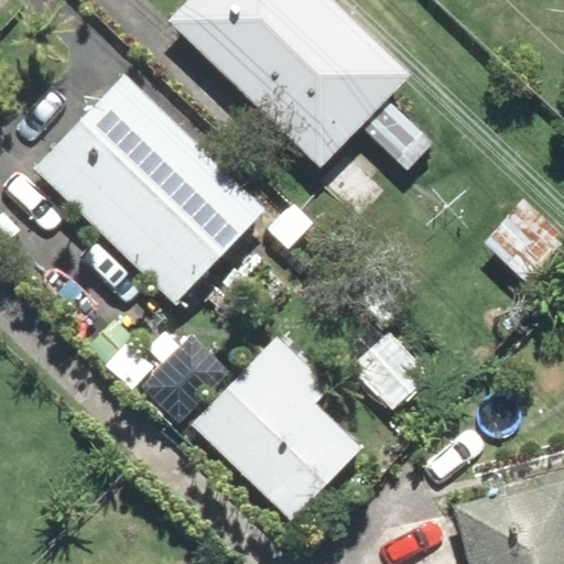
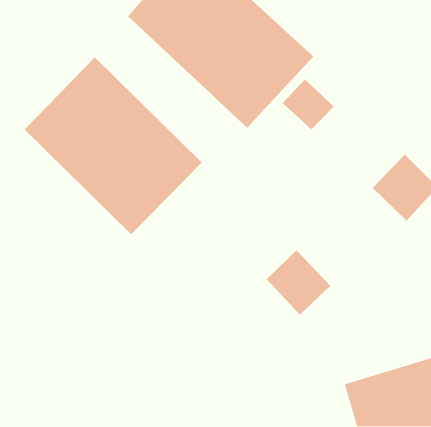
building: [140,325,365,522] -> none

